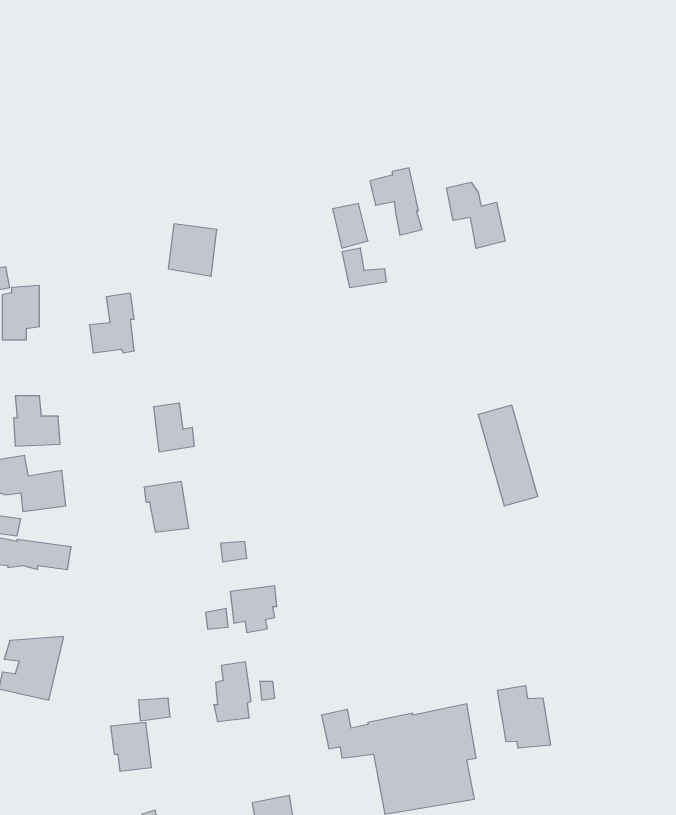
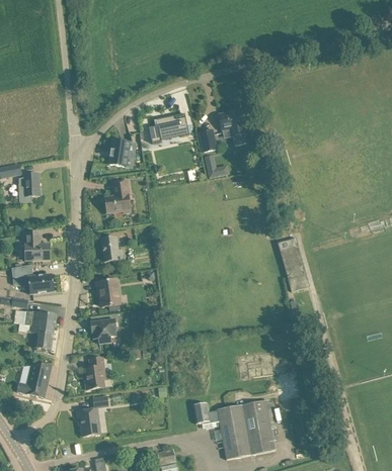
building: none -> [148,113,188,143]
building: [447,182,505,249] -> none
building: [89,293,134,353] -> [104,180,129,212]
building: none -> [21,324,54,350]
building: [230,586,277,632] -> [90,318,115,344]
building: [214,662,251,722] -> [84,357,104,389]
building: [498,685,551,748] -> none

